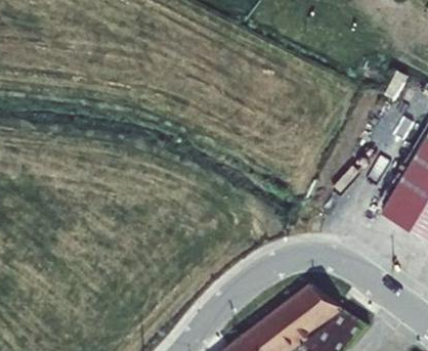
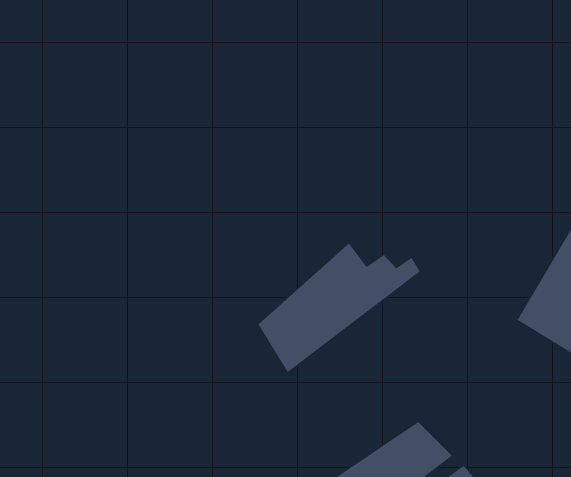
building: none -> [257,243,421,373]

